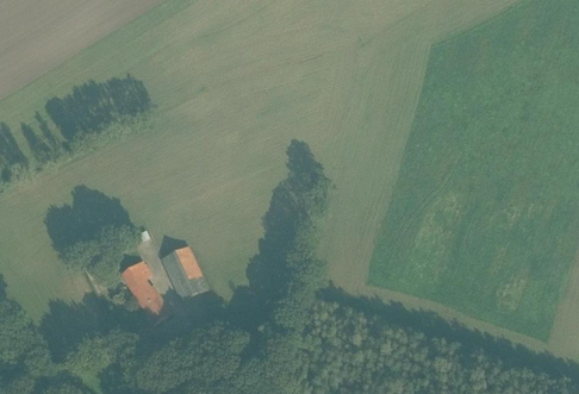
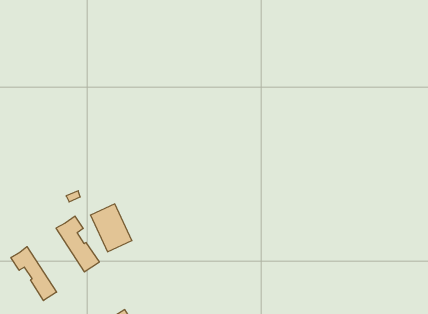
building: none -> [11,247,57,301]

